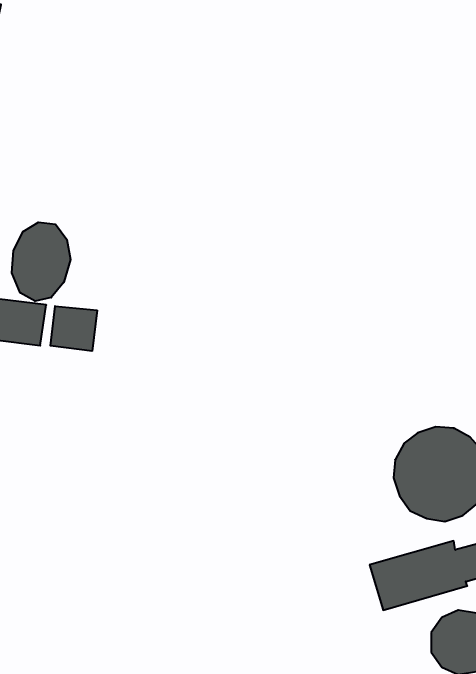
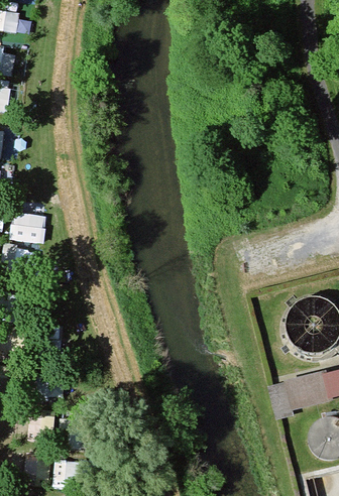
building: [12,222,70,301] -> none
building: [50,306,97,351] -> none

